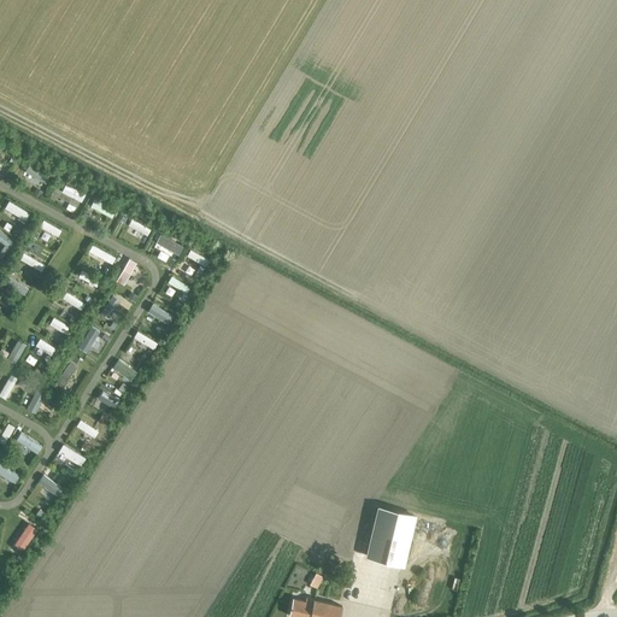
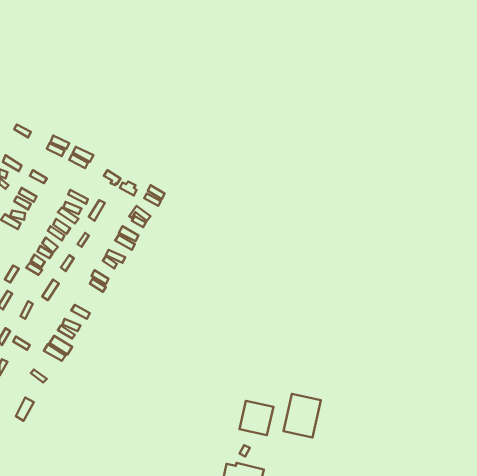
building: none -> [240,401,273,435]

